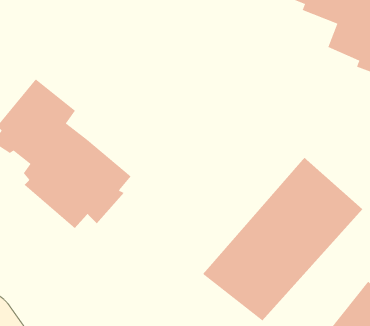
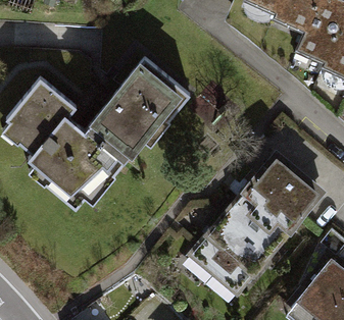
building: none -> [86,60,190,167]

